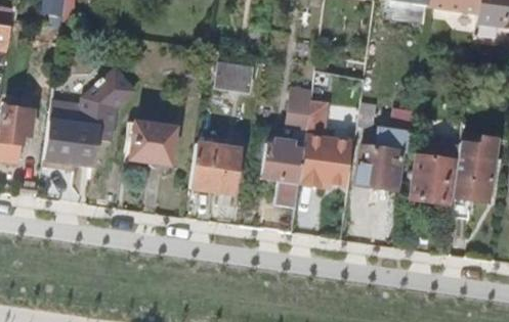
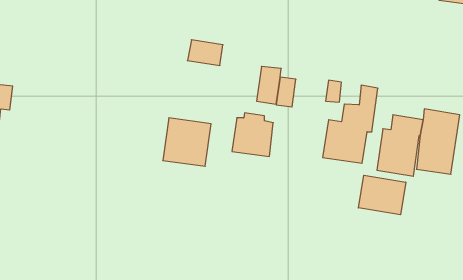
building: [44,73,135,167] -> none
building: [131,123,175,165] -> none
building: [303,151,349,187] -> none
building: none -> [358,175,406,215]

